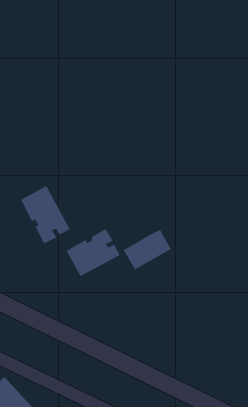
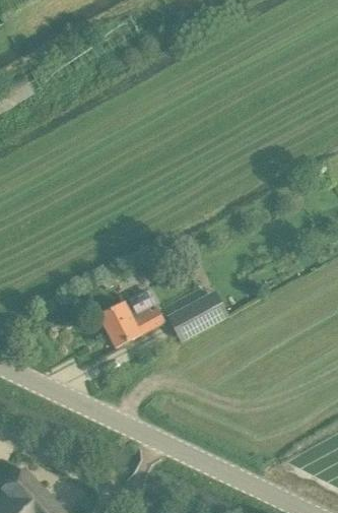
building: [20,185,71,244] -> none

